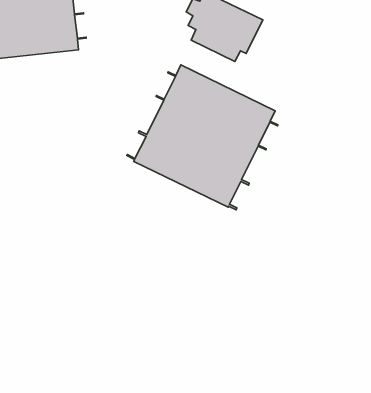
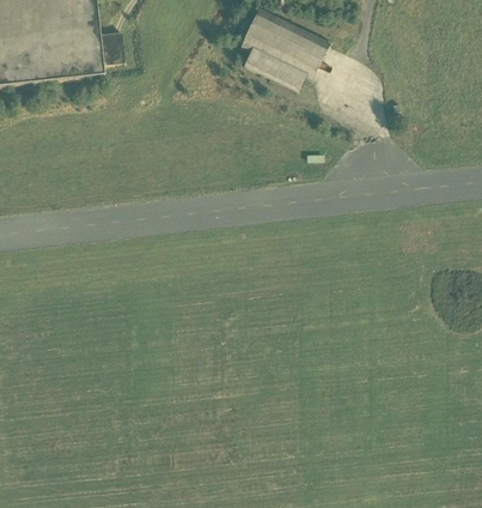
building: [127,65,278,210] -> none

